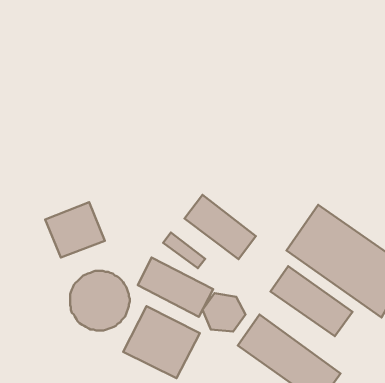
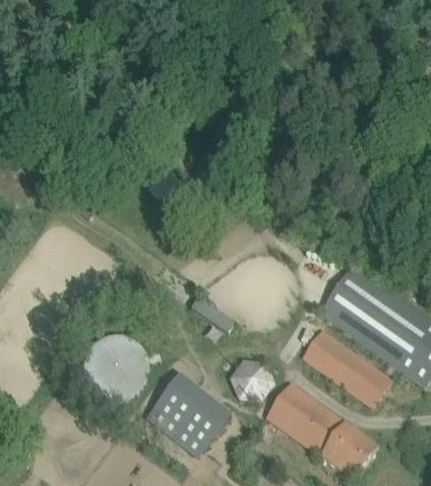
building: [185,195,256,259] -> none
building: [45,202,105,258] -> none
building: [138,258,213,317] -> none

